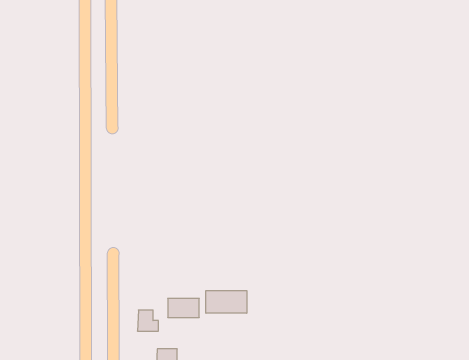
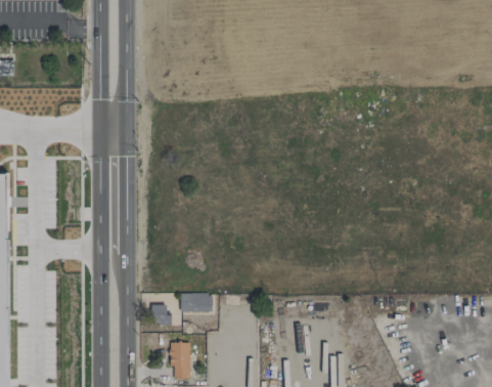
building: [206,291,247,313] -> none

